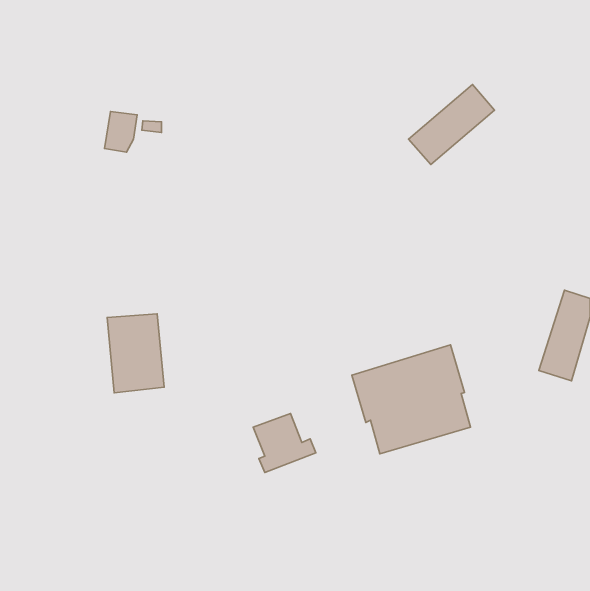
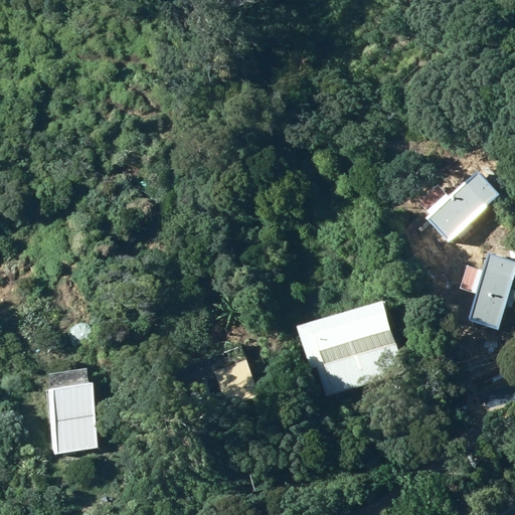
building: [409,84,495,165] -> [422,169,497,238]
building: [107,314,164,393] -> [46,382,96,451]

